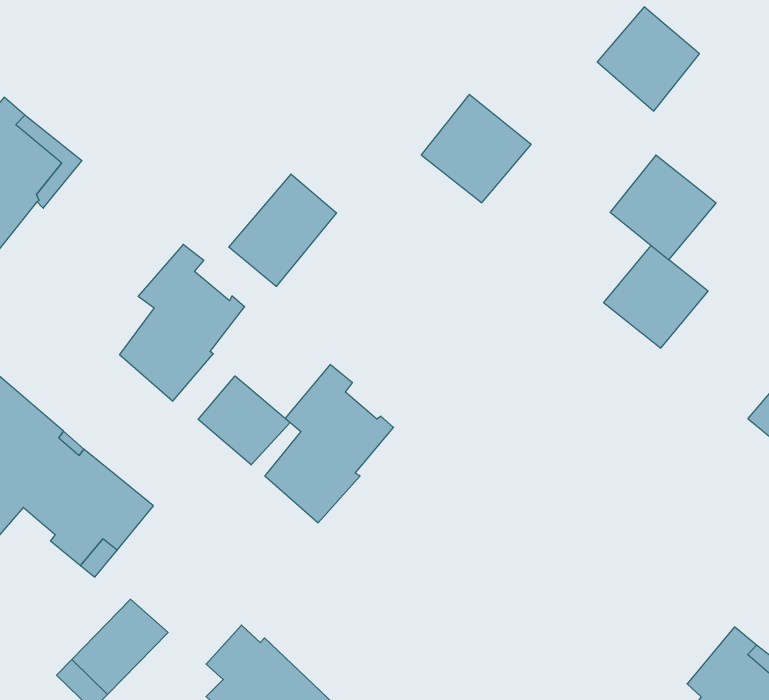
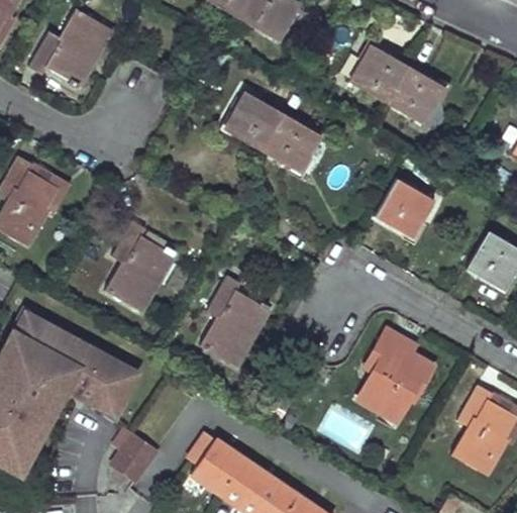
building: none -> [224,93,280,150]
building: [610,155,716,260] -> [385,68,443,125]
building: [229,174,337,286] -> none
building: [198,376,290,465] -> none
building: none -> [357,330,428,421]

